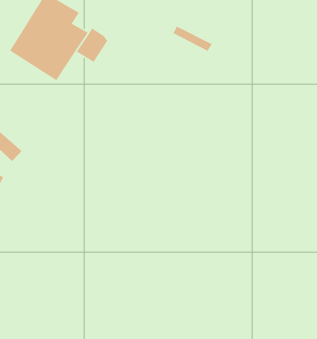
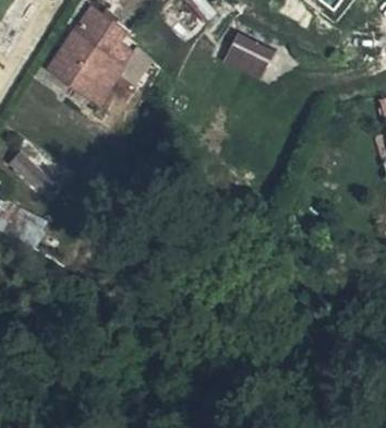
building: none -> [225,29,274,70]

